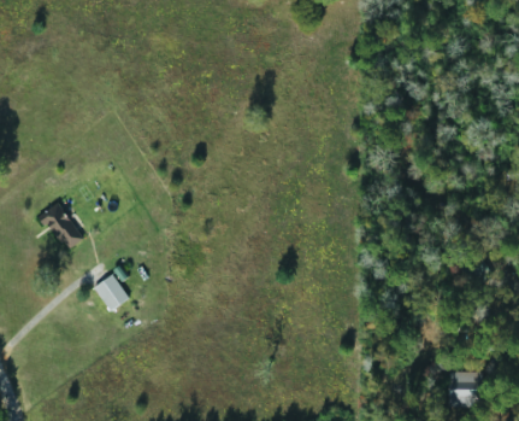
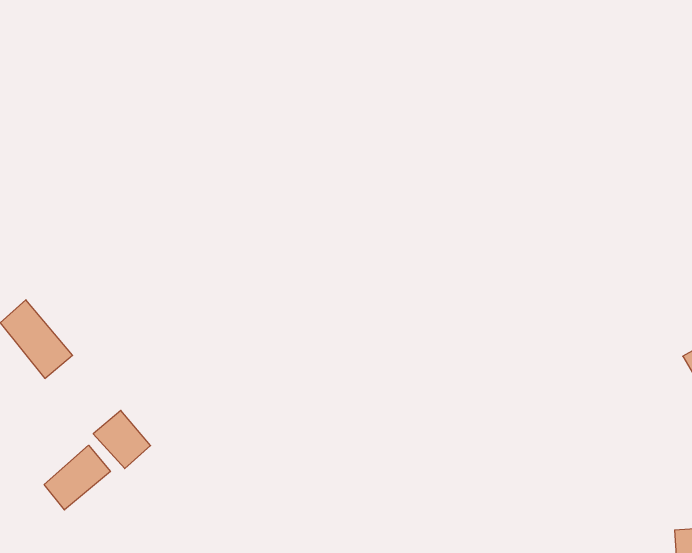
building: none -> [44,445,110,510]

